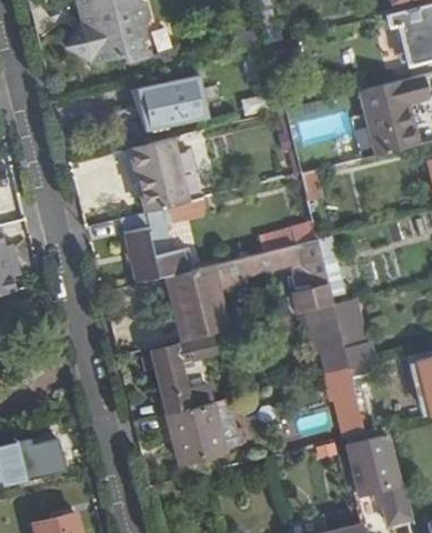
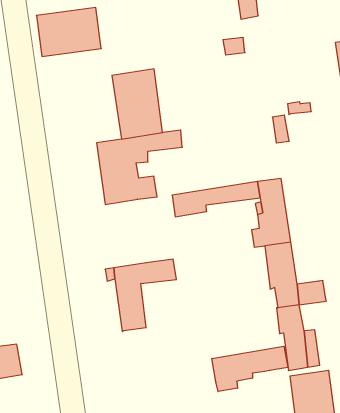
building: [139,74,210,131] -> [36,8,101,56]
building: [169,266,221,340] -> none
building: [333,298,366,346] -> none
building: [168,403,224,462] -> none
building: none -> [212,346,288,392]

